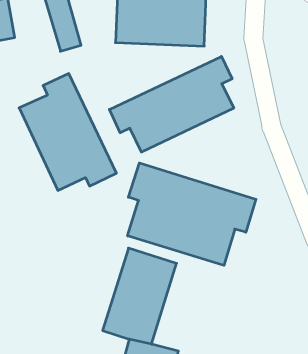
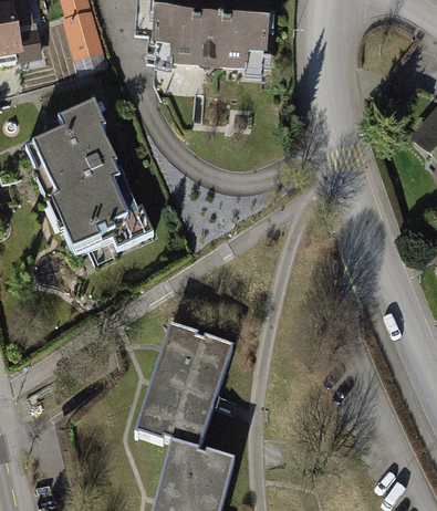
building: [109,56,234,152] -> none
building: [128,163,256,265] -> none

